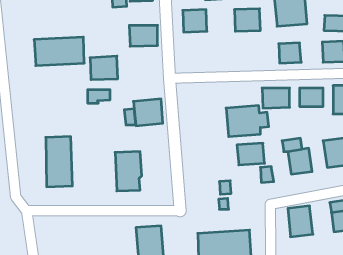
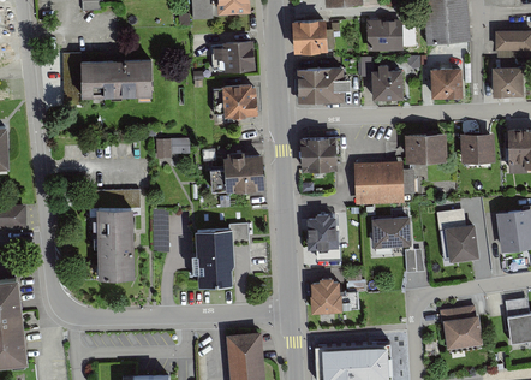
building: none -> [371,63,402,97]
building: none -> [297,65,345,100]
building: [90,56,118,80] -> [220,88,259,121]
building: none -> [302,138,338,172]
building: none -> [306,215,338,251]
building: none -> [310,277,341,311]

